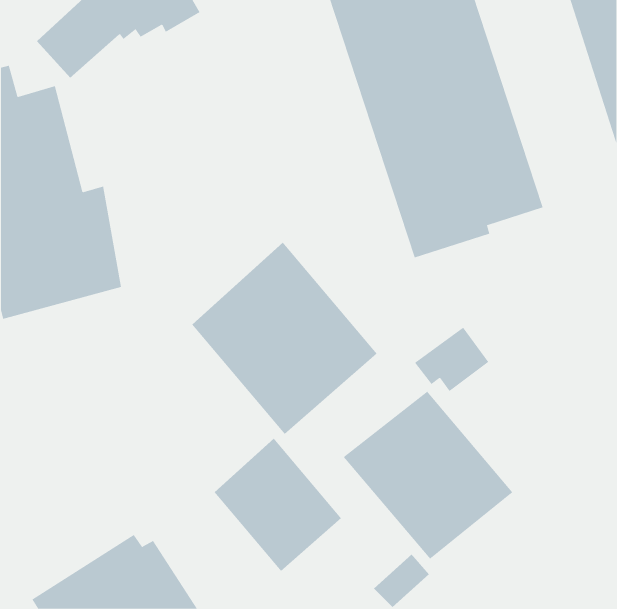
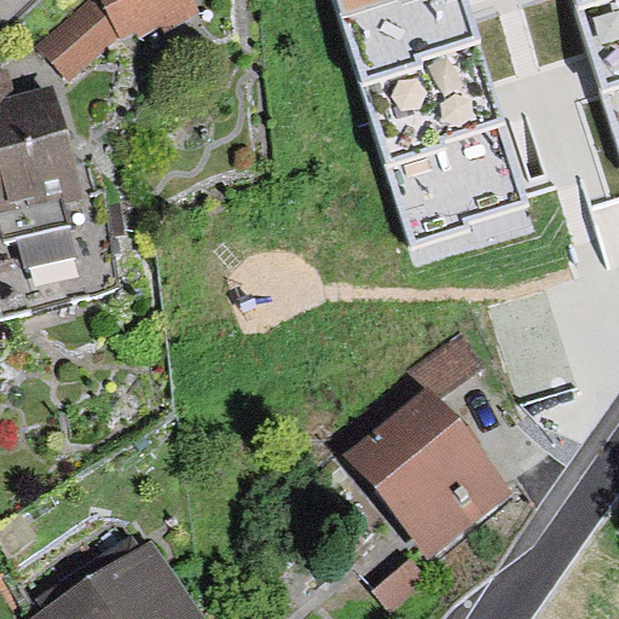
building: [192,242,377,435] -> none
building: [214,438,342,572] -> none

